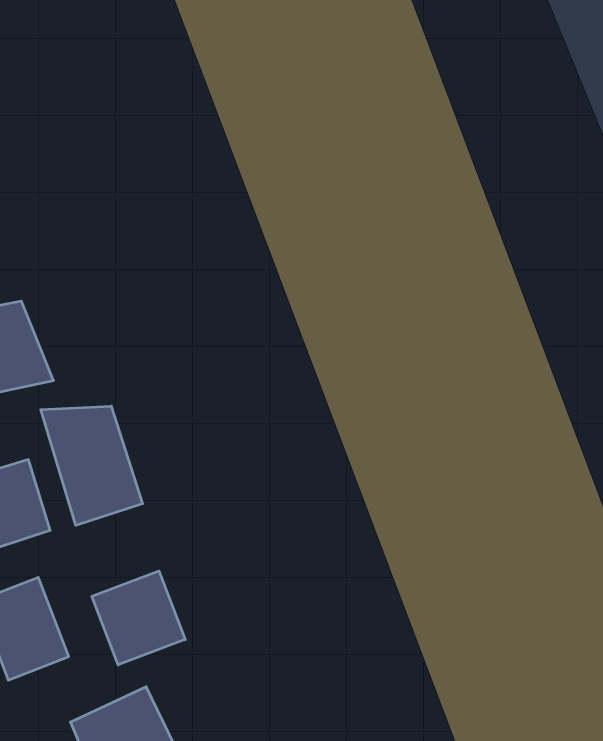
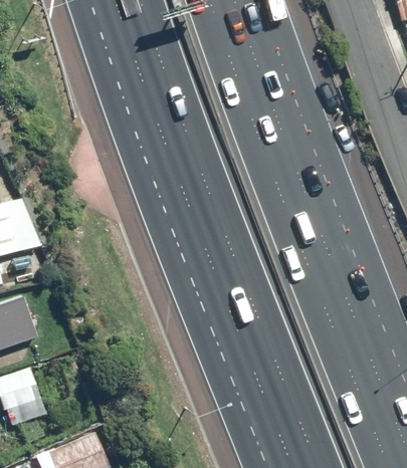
building: [41,406,143,525] -> none
building: [92,571,185,665] -> none

